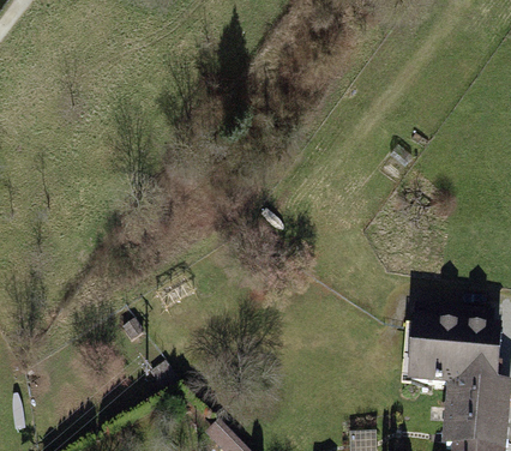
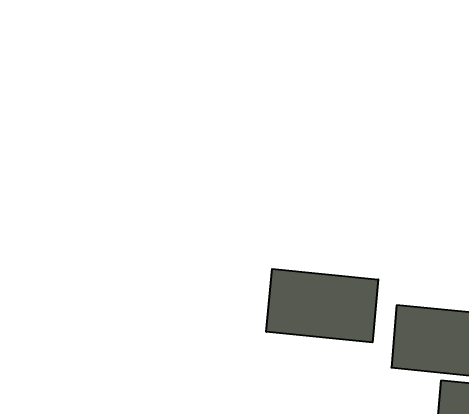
building: none -> [266,269,378,342]

